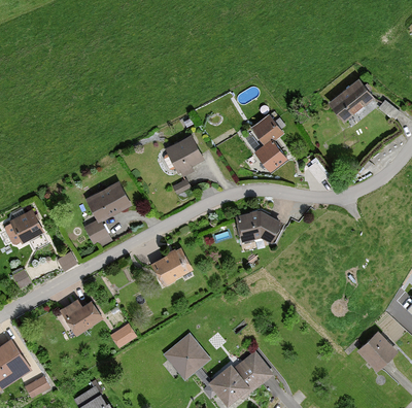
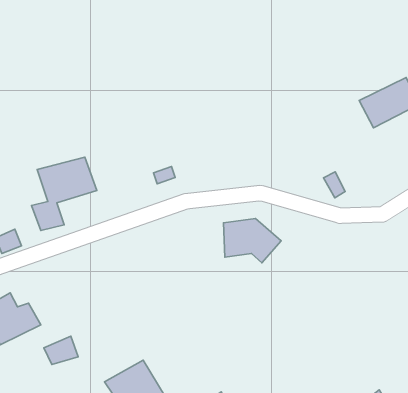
building: [251,115,286,173] -> none
building: [166,134,206,175] -> none
building: [149,246,194,286] -> none

